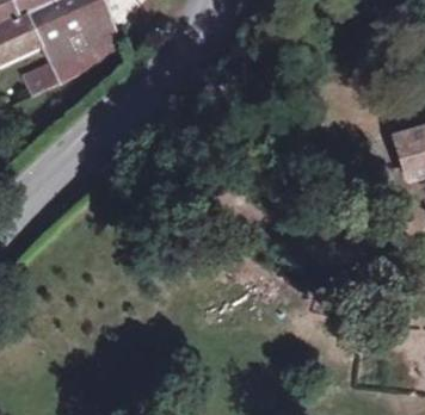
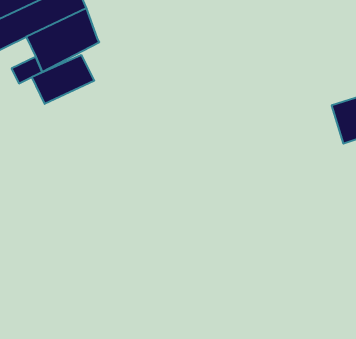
building: none -> [32,55,94,104]

